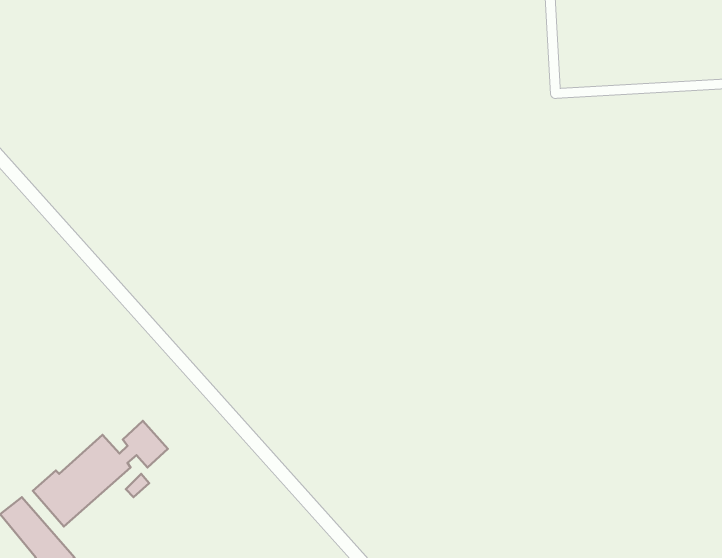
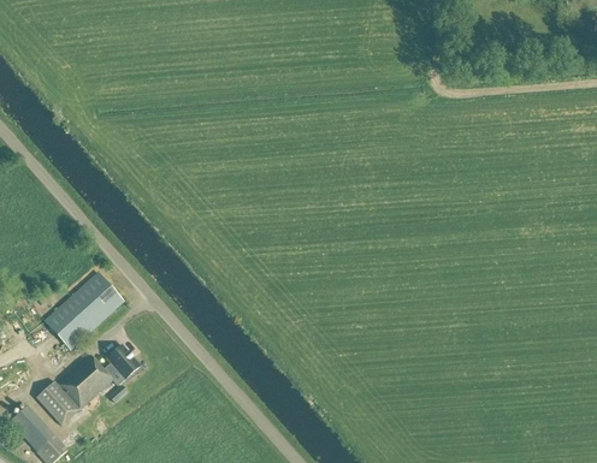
building: none -> [45,272,123,349]

